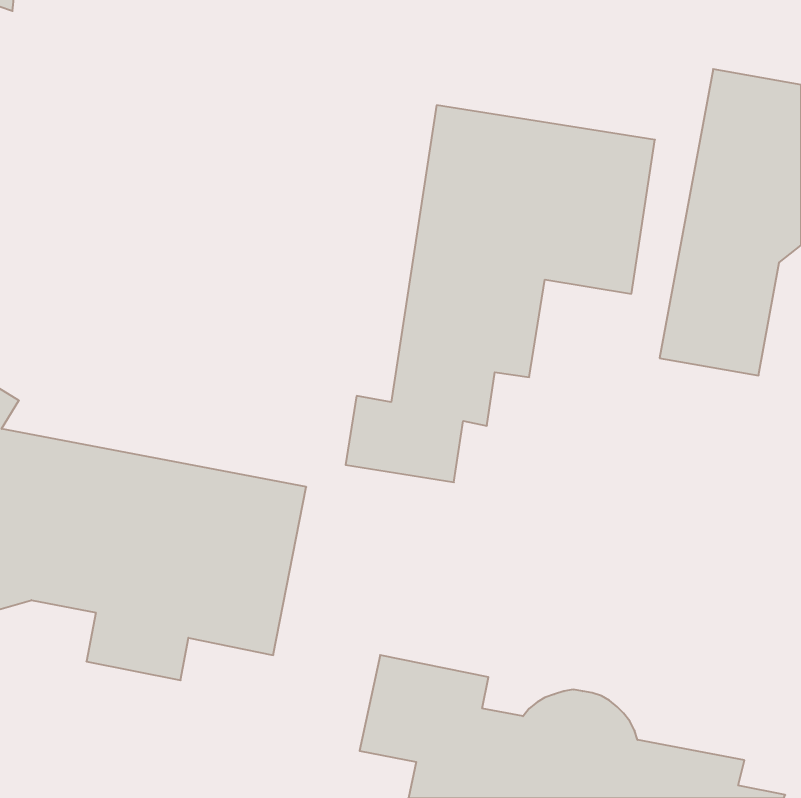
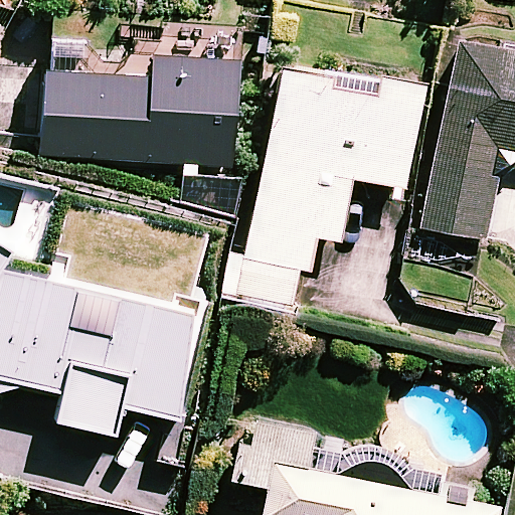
building: none -> [41,44,237,168]

